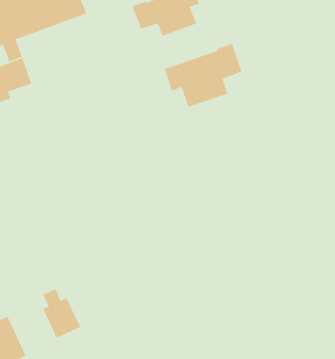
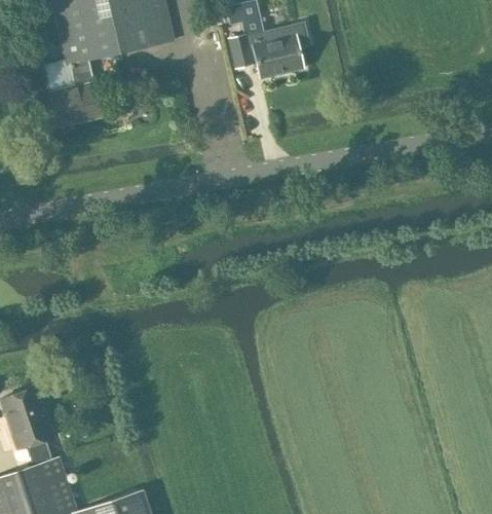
building: [164,43,242,108] -> none
building: [42,288,81,339] -> none

